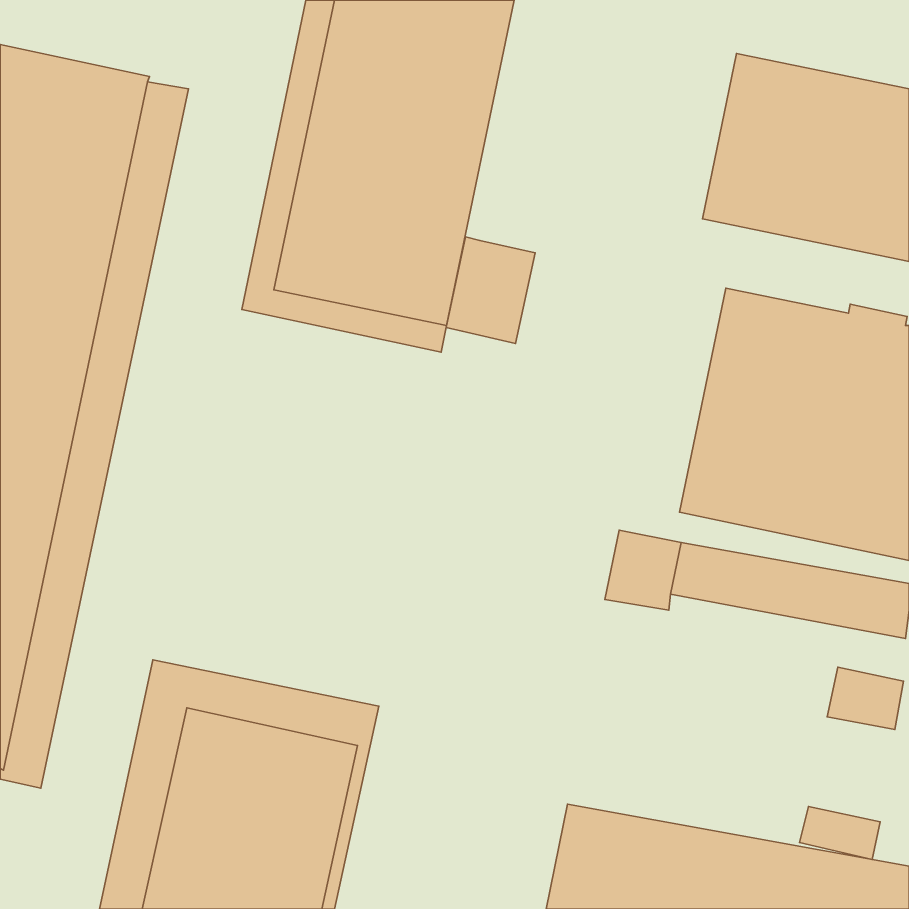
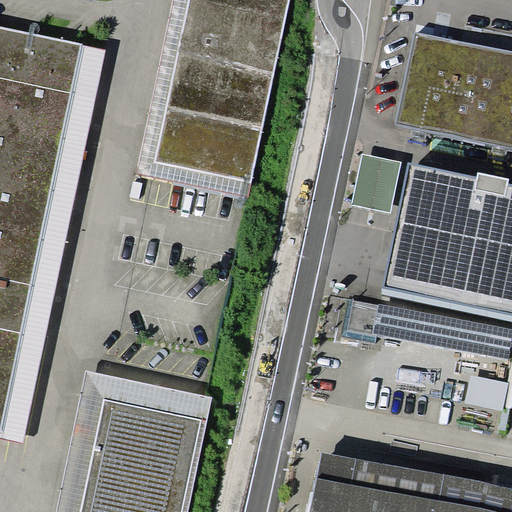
building: [446,237,535,344] -> [351,153,401,213]
building: [799,806,880,860] -> none

